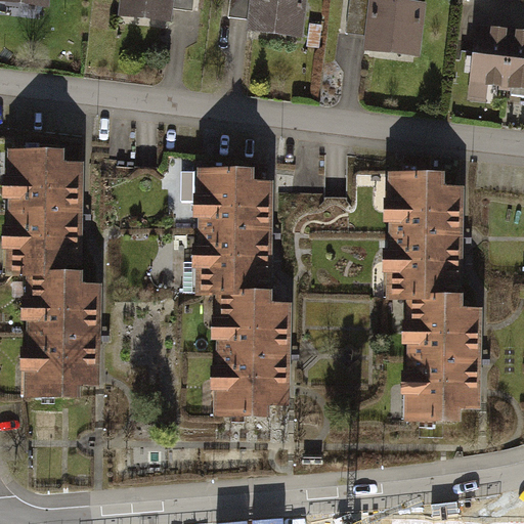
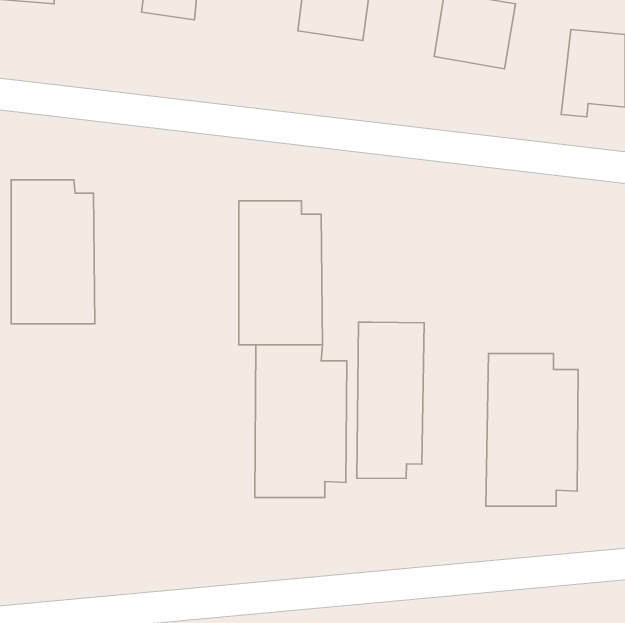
building: [391,174,461,294] -> none
building: none -> [357,322,424,479]
building: [23,269,99,396] -> none

